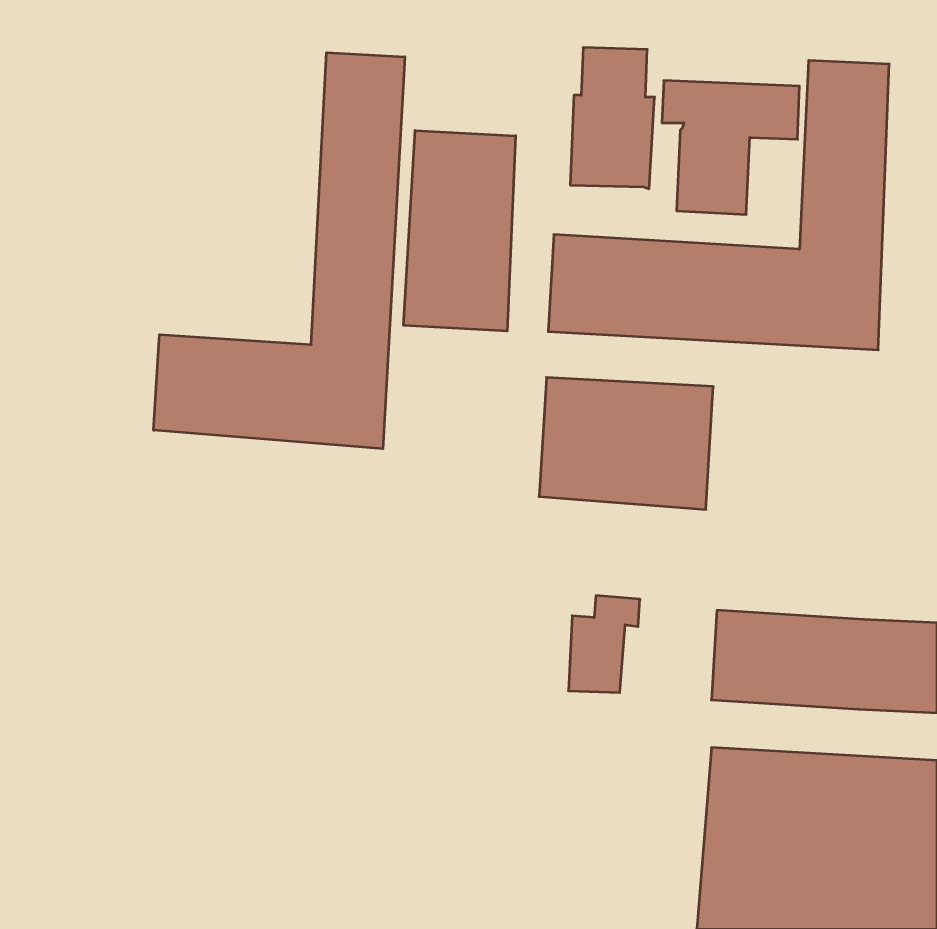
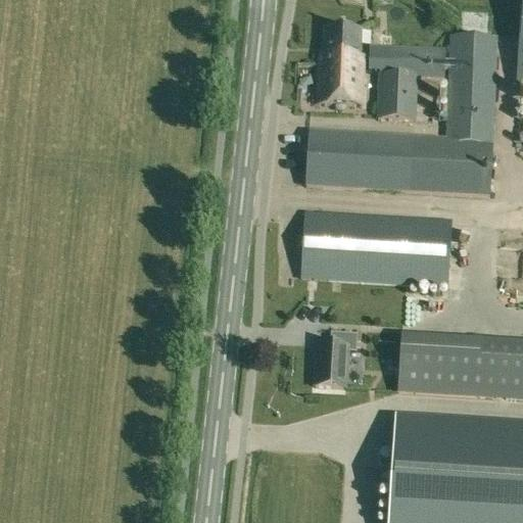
building: [154,53,405,449] -> none
building: [404,130,516,331] -> none
building: none -> [393,216,450,287]

